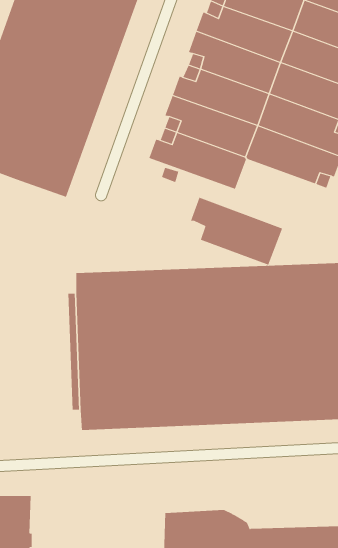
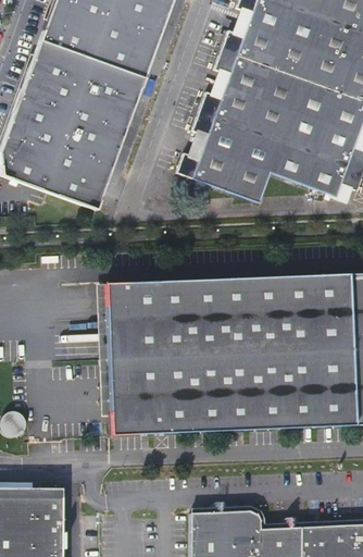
building: [190,197,283,265] -> none

